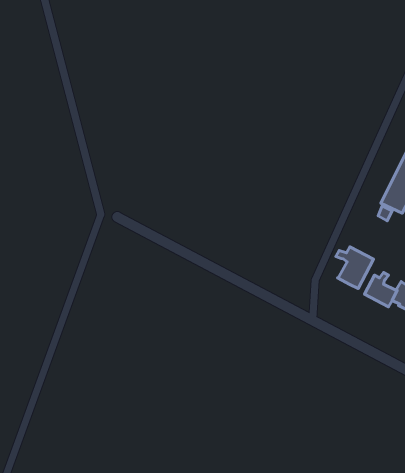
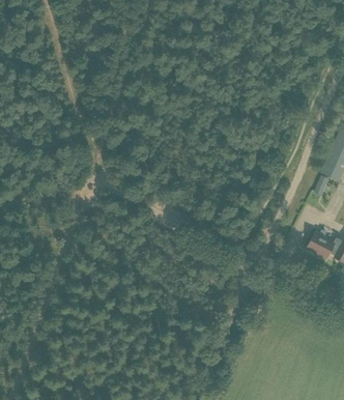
building: [336,247,374,288] -> none

